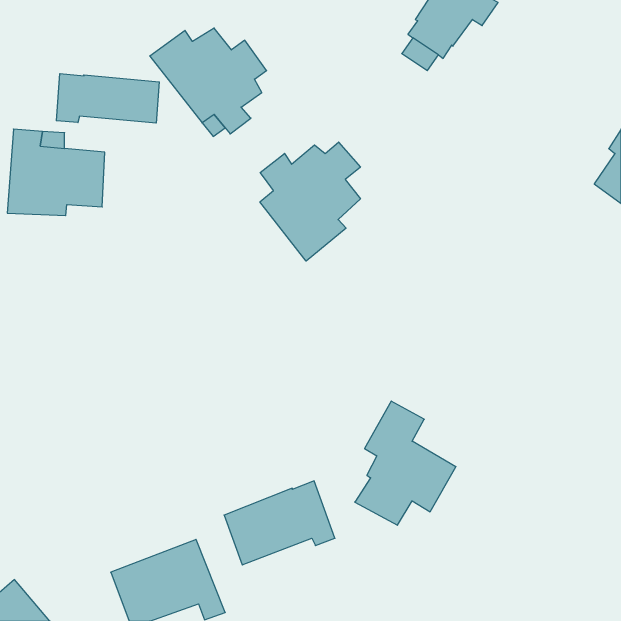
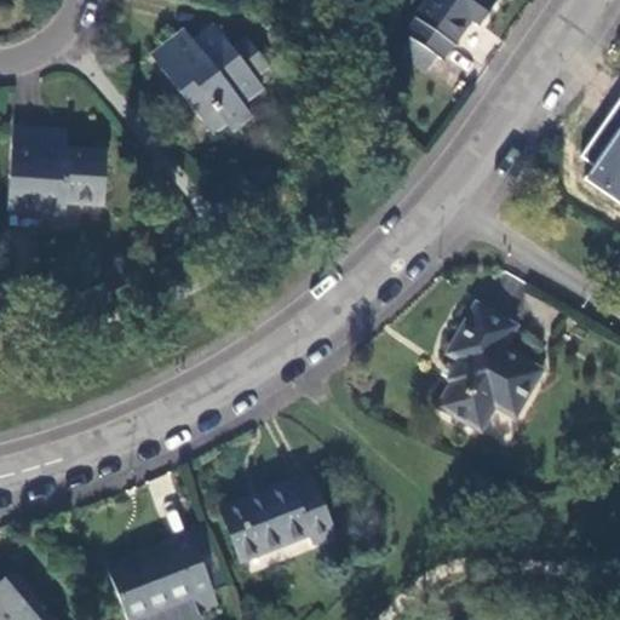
building: [56,74,159,123] -> none
building: [260,142,360,261] -> none
building: [355,401,456,525] -> [440,311,540,435]

